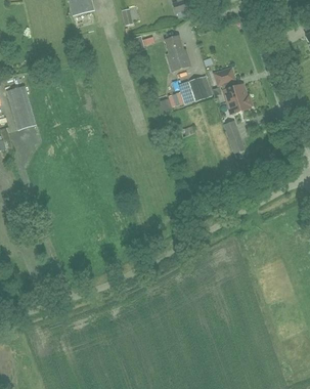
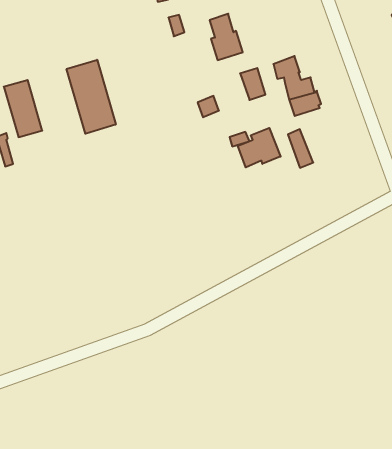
building: none -> [67,60,116,134]
building: none -> [238,128,281,167]

